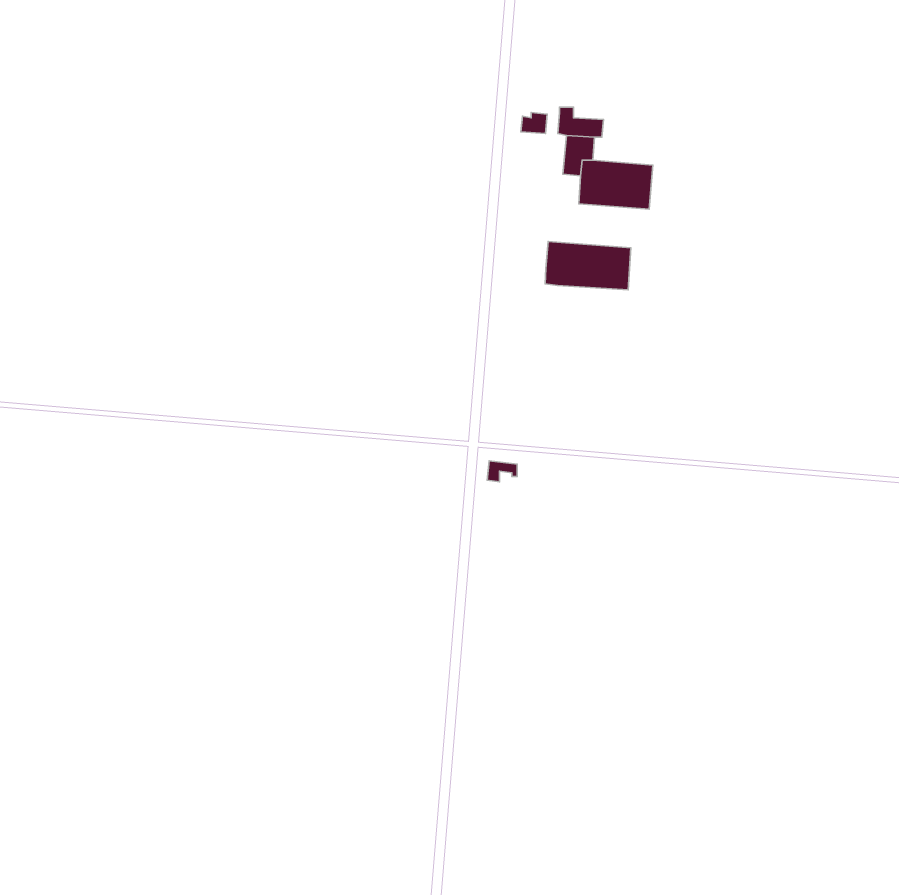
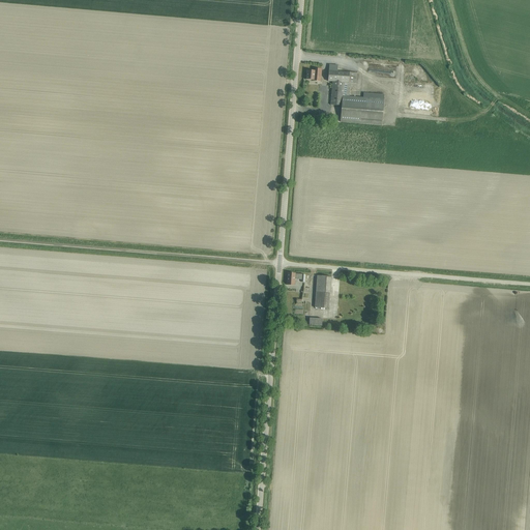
building: [545,242,631,290] -> none
building: none -> [315,274,331,306]

